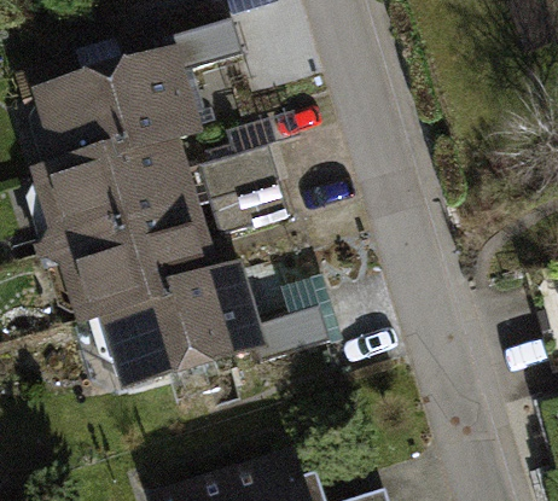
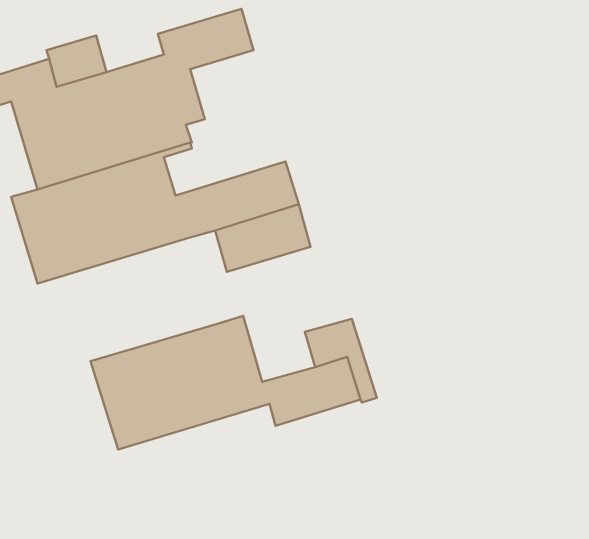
building: [68,209,214,318] -> none

